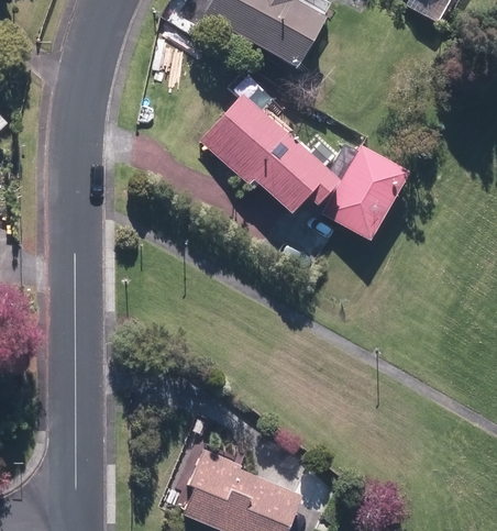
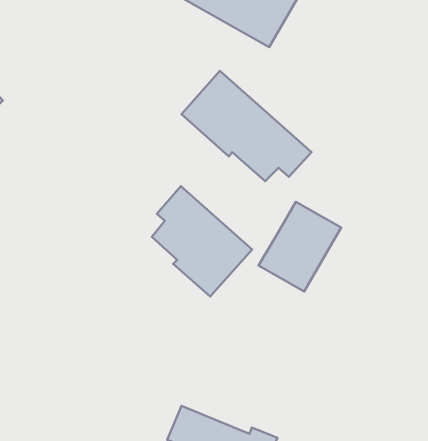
building: [323,145,411,241] -> [259,202,341,291]
building: none -> [152,186,252,297]

